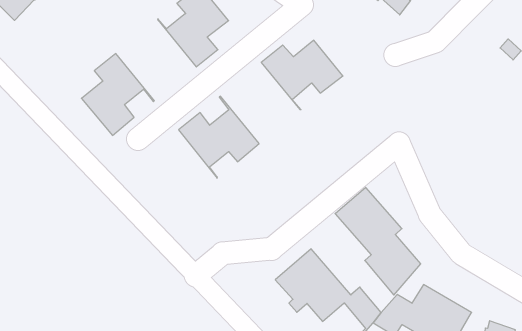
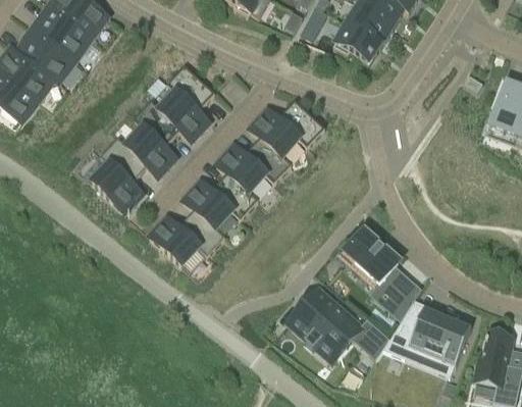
building: none -> [117,101,192,174]
building: none -> [217,126,291,200]
building: none -> [150,198,224,264]

